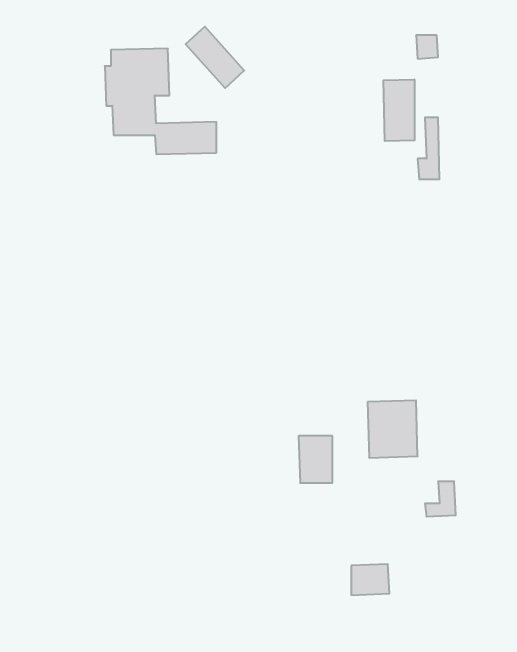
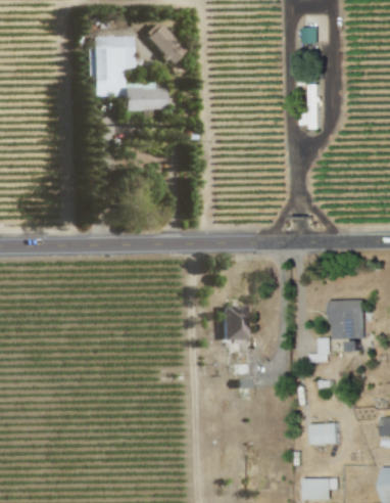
building: [383,79,415,141] -> none
building: [368,400,418,458] -> [331,299,365,338]
building: [351,564,389,595] -> [312,422,339,444]

